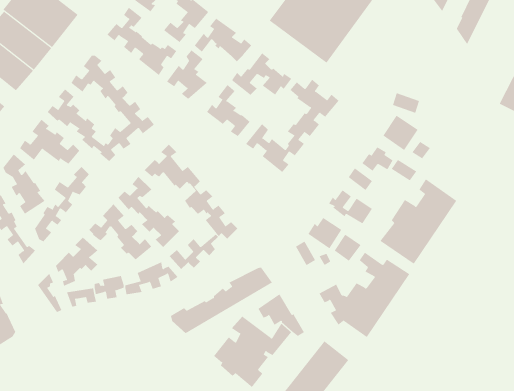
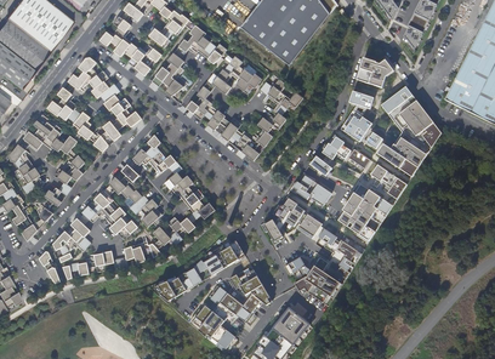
building: none -> [355,57,393,87]
building: none -> [377,86,440,176]

